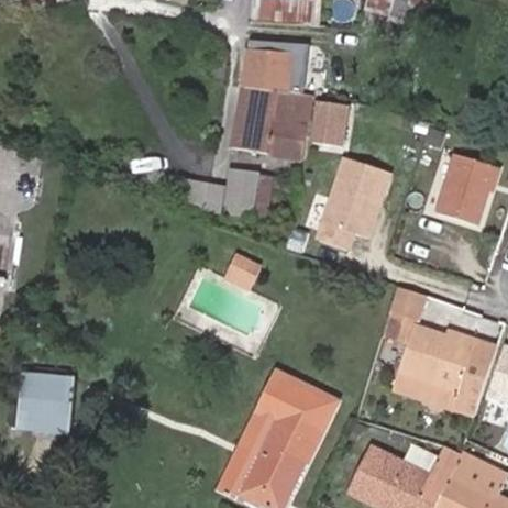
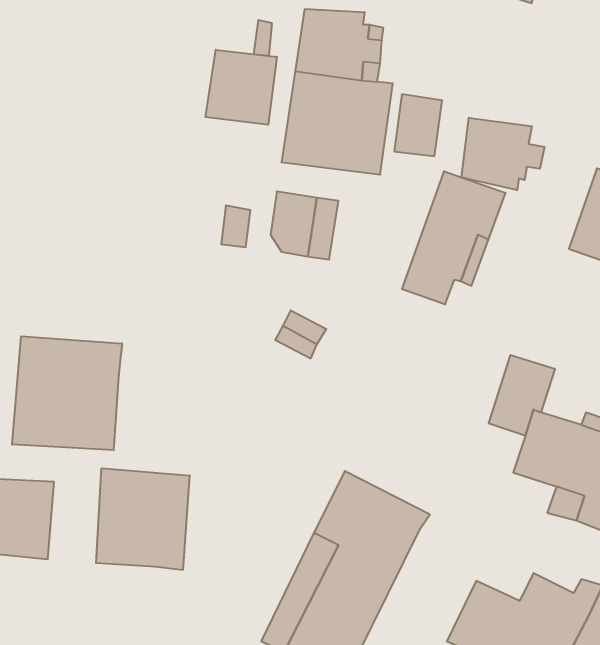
building: none -> [206,50,277,125]
building: none -> [461,118,544,190]
building: none -> [12,336,122,450]
building: none -> [96,468,190,570]

